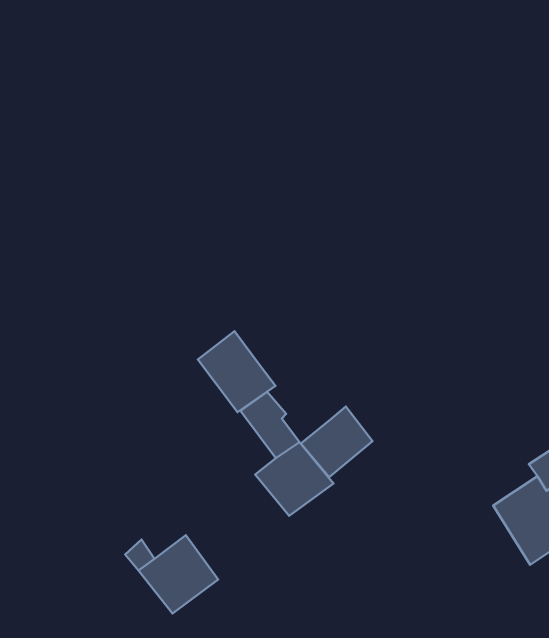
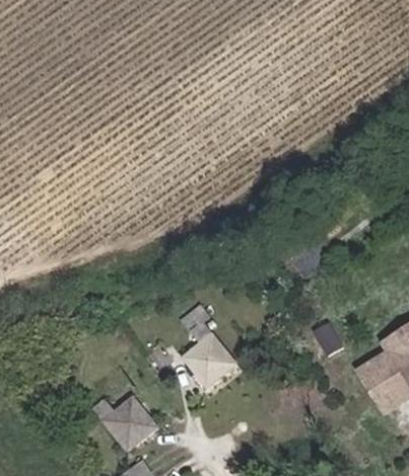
building: [198,331,276,412] -> none
building: [301,406,373,477] -> none

